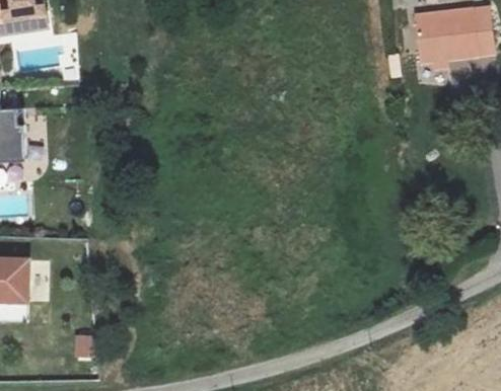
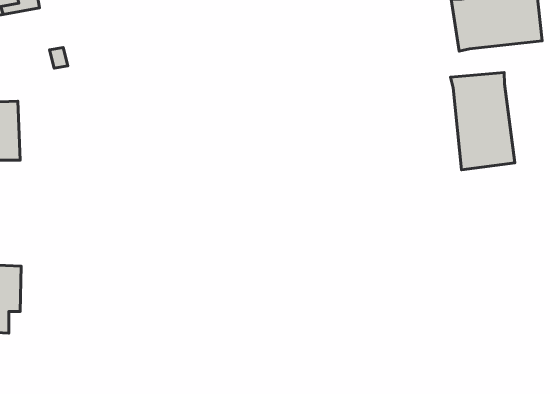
building: none -> [450,72,515,170]

